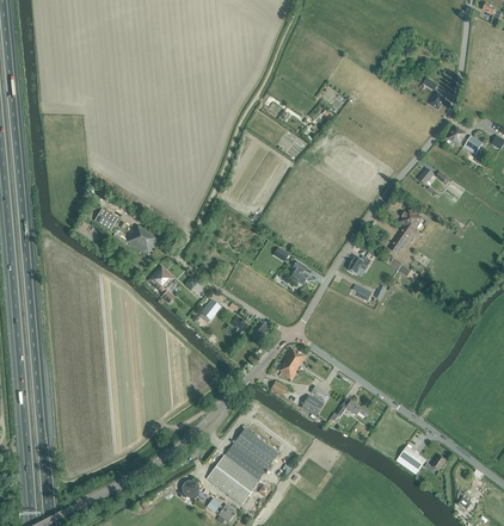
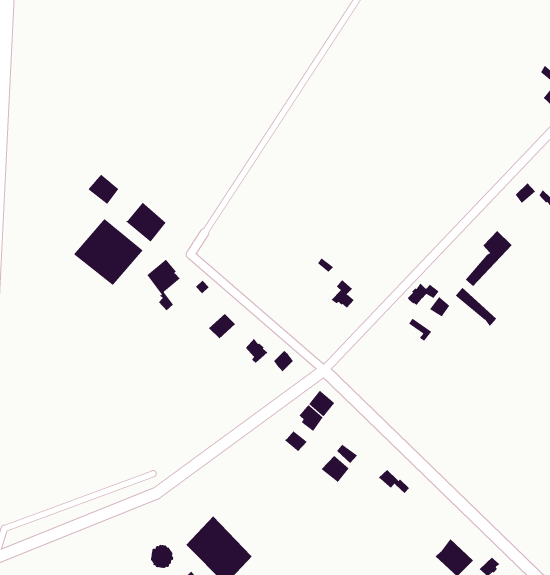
building: none -> [73,218,143,287]
building: [225,428,277,479] -> none

